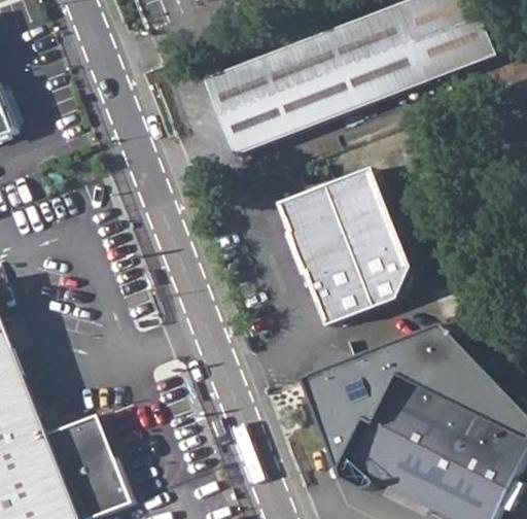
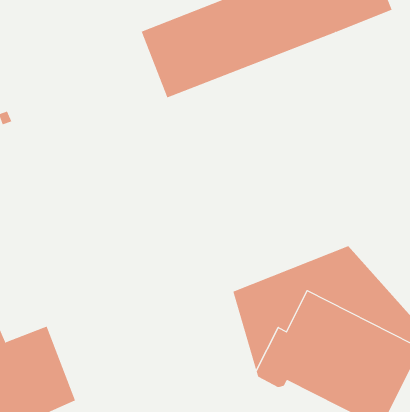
building: [279,166,410,324] -> none

